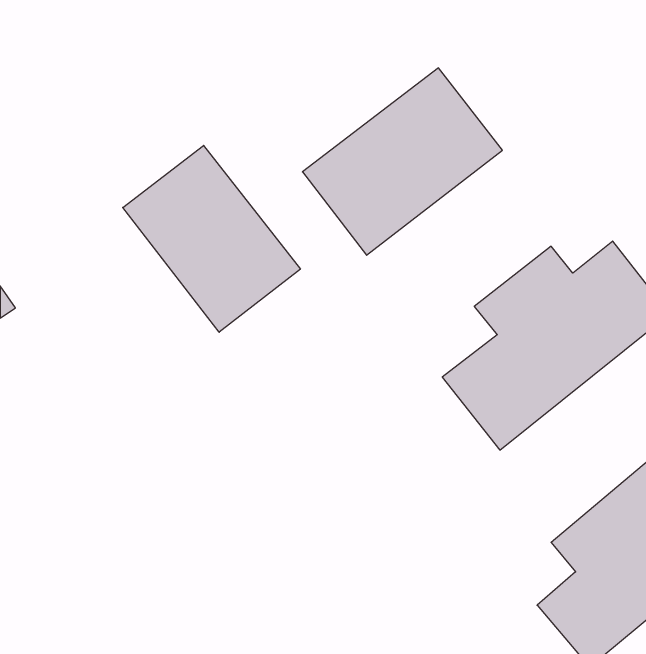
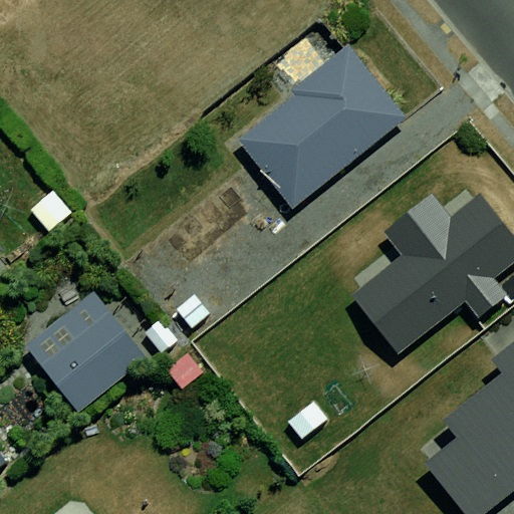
building: [123,145,300,332] -> none
building: none -> [19,296,148,416]

